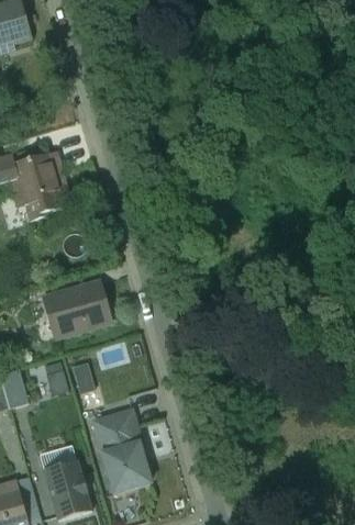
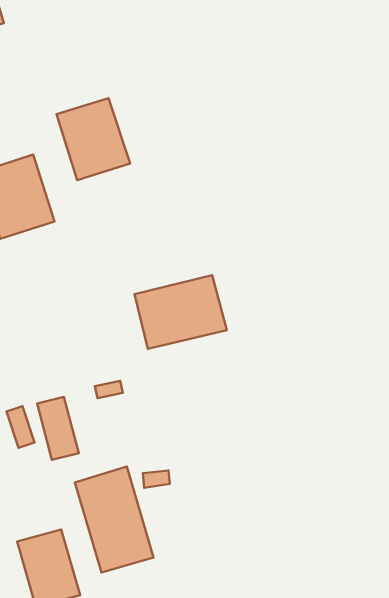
building: none -> [57,98,130,180]
building: [42,277,118,337] -> [134,275,227,349]

